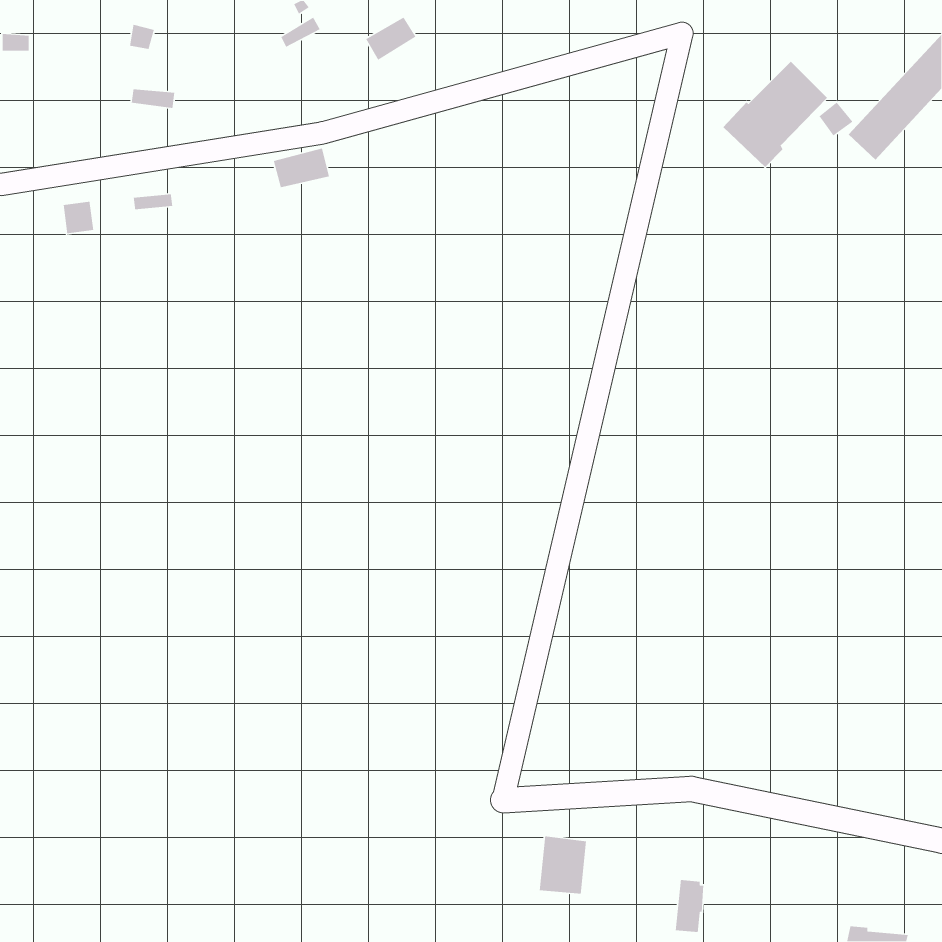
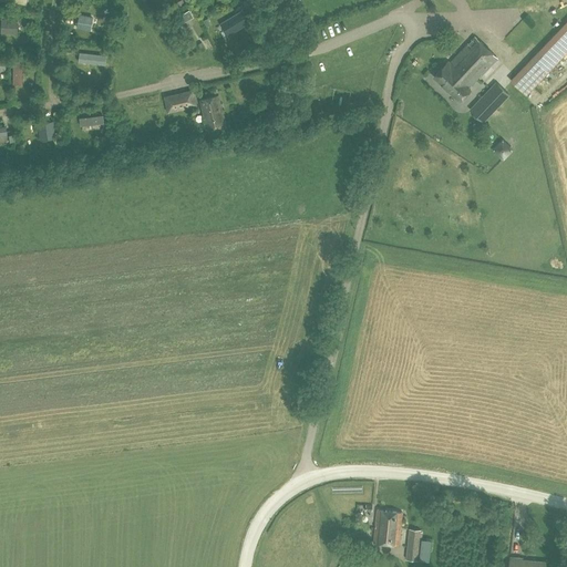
building: none -> [470,82,509,123]
building: none -> [200,95,224,130]
building: [539,835,587,894] -> [373,509,402,545]

